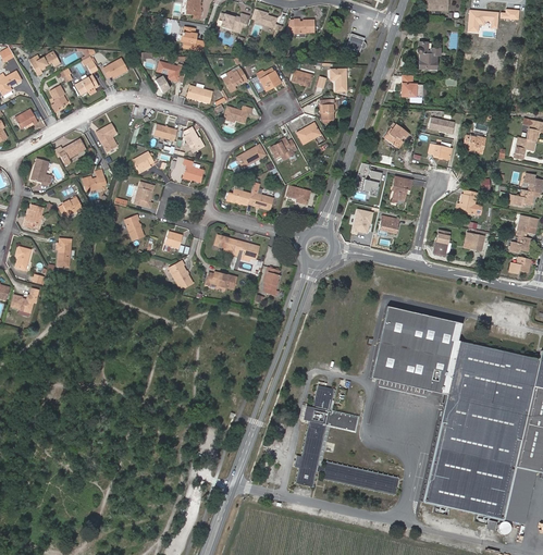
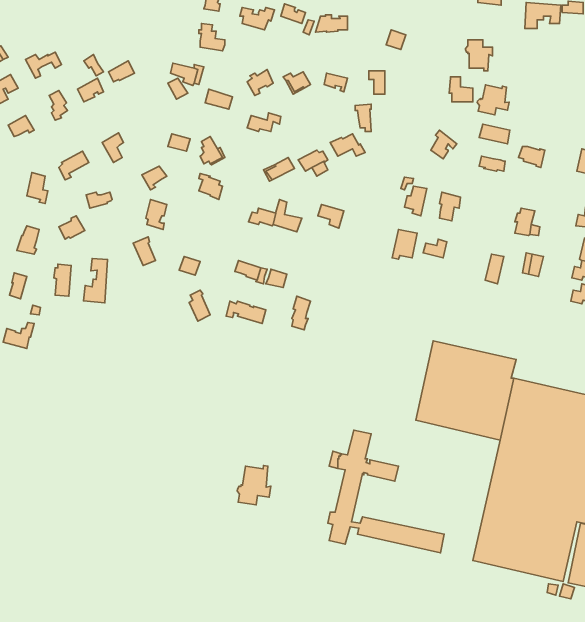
building: none -> [477,85,509,115]
building: none -> [83,259,108,303]
building: none -> [237,466,271,505]

